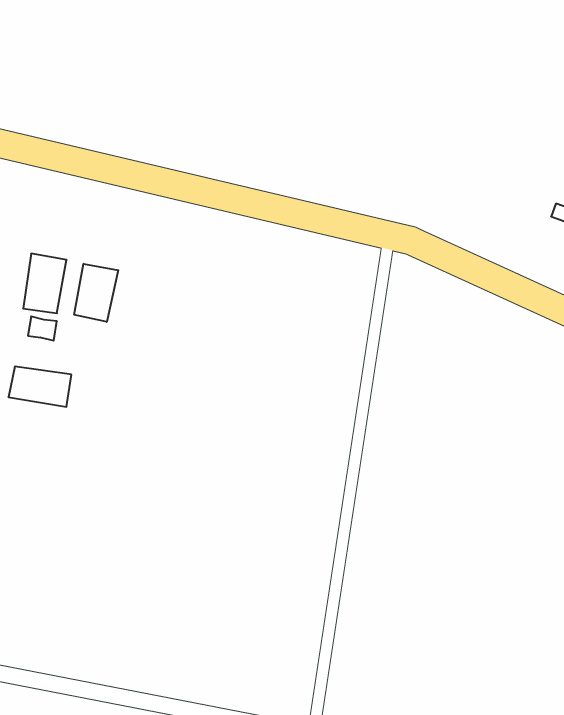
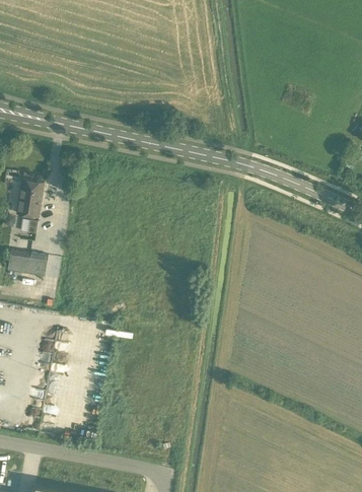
building: [74,264,118,322] -> none

